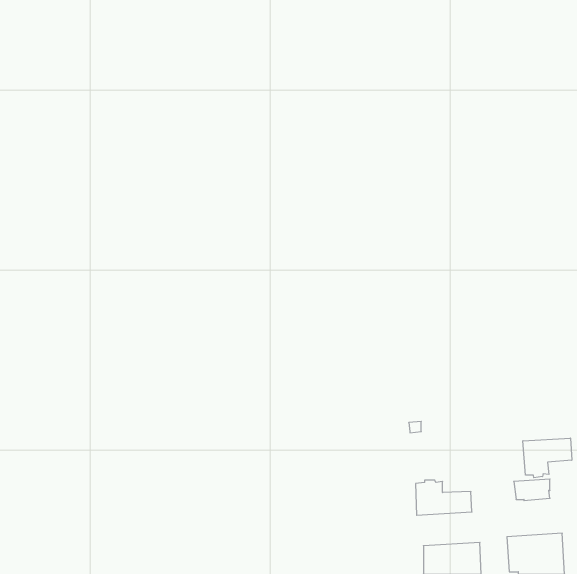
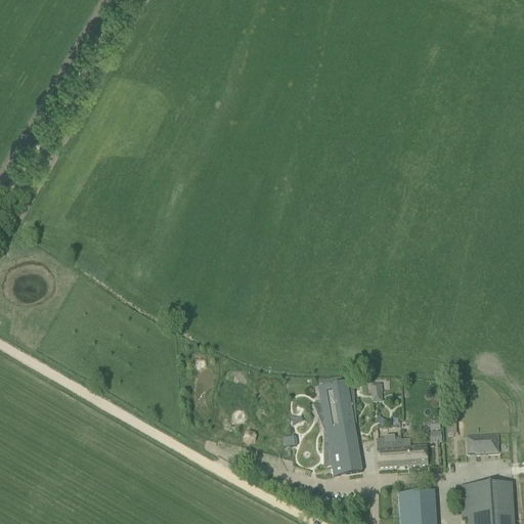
building: none -> [318,381,362,475]
building: [523,438,572,478] -> none

